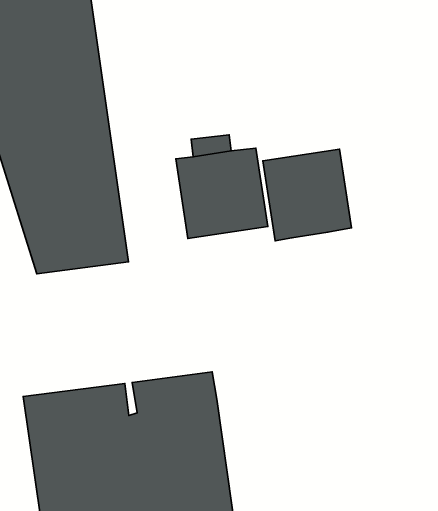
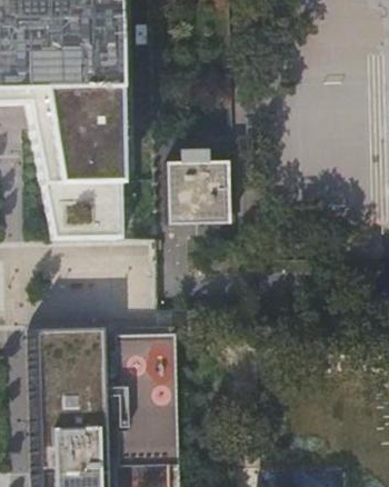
building: [263,149,351,241] -> none

